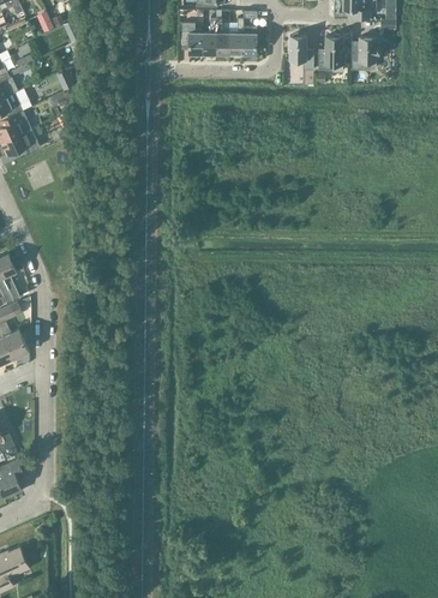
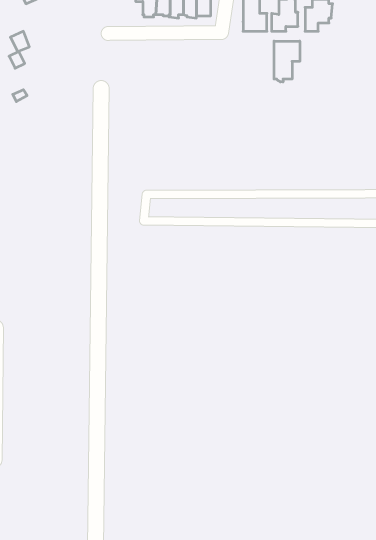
building: none -> [274,41,300,82]

